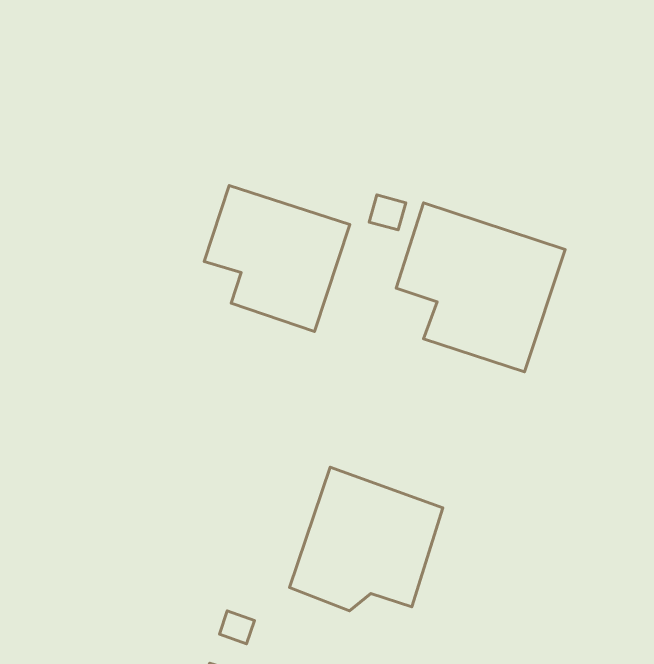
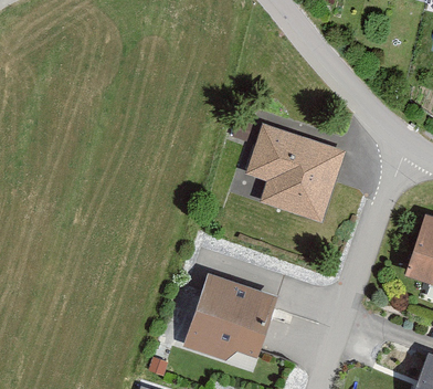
building: [204,185,350,331] -> none

